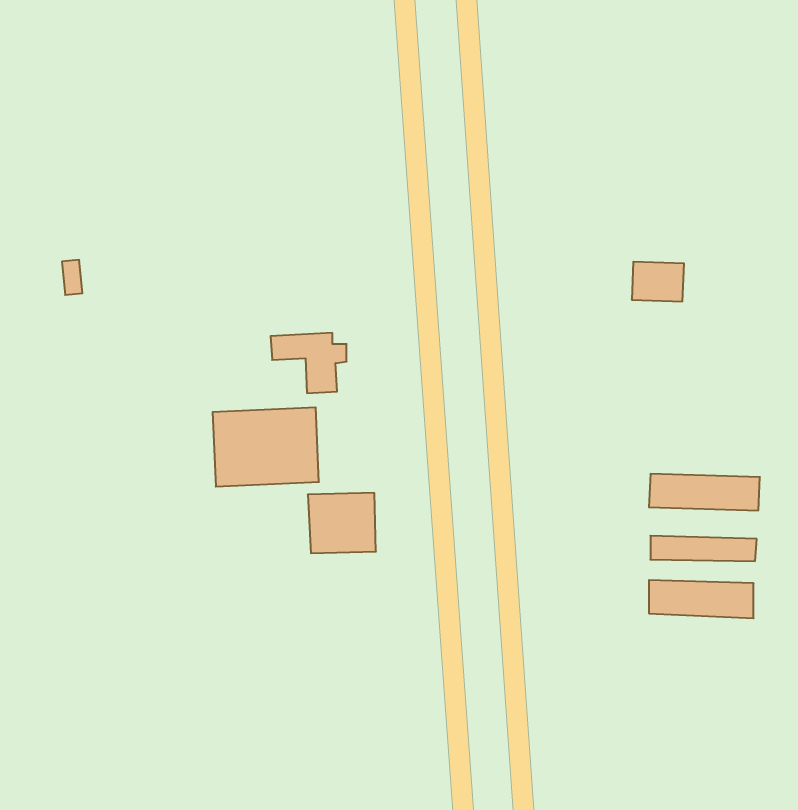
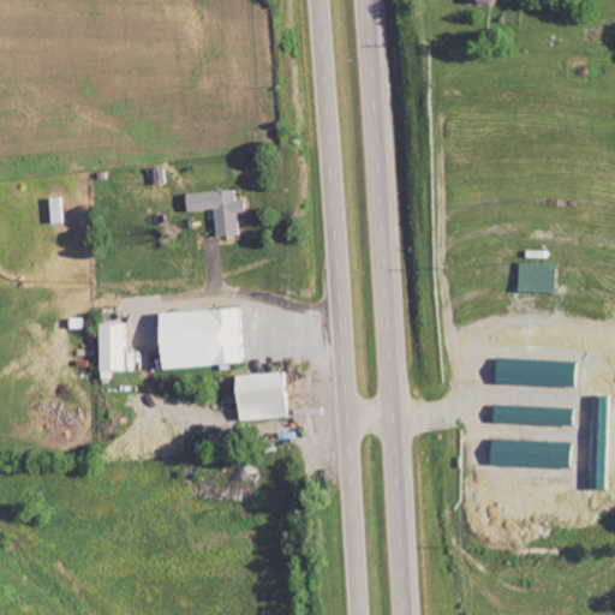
building: [632,262,684,301] -> [514,263,554,293]
building: [271,333,347,393] -> [184,191,241,237]
building: none -> [100,323,126,380]

